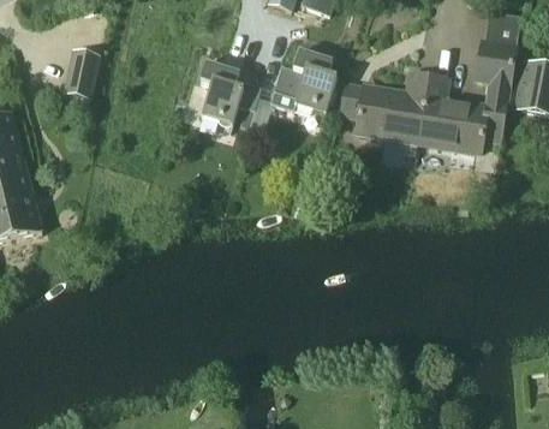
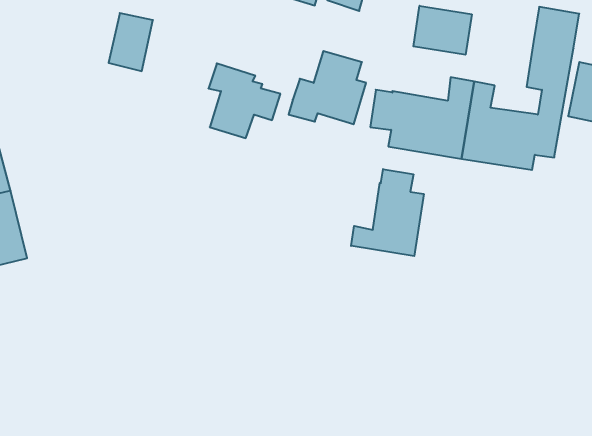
building: none -> [413,6,472,55]
building: [64,48,102,99] -> [109,13,153,71]
building: none -> [351,169,424,256]

